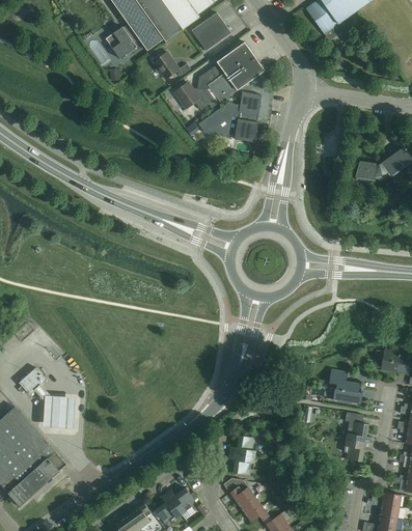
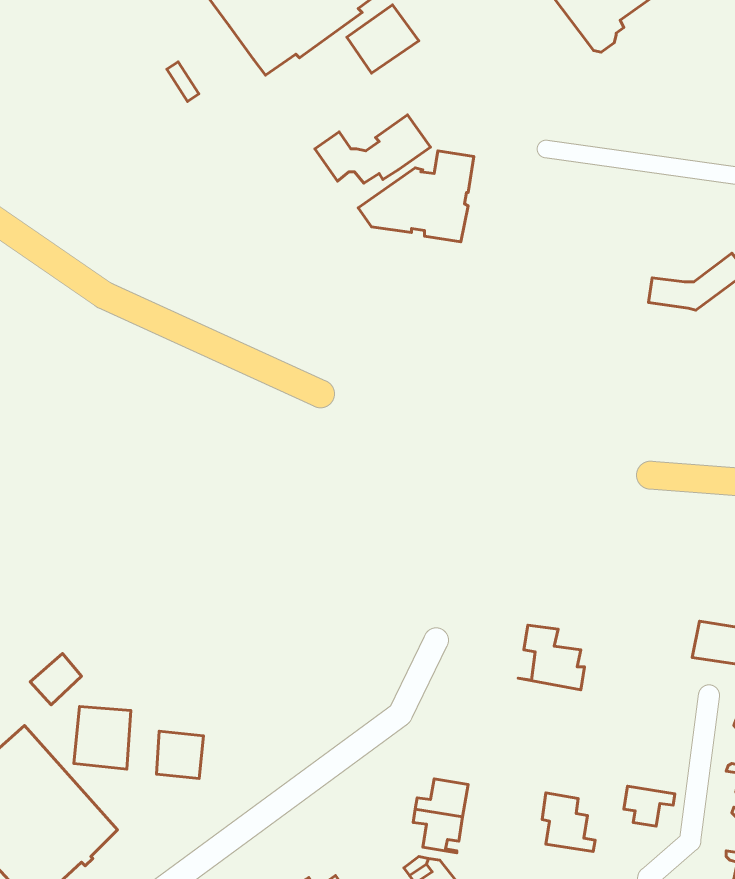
building: [106,24,141,59] -> none
building: [197,41,265,92] -> none
building: [154,52,190,79] -> none
building: [326,369,362,404] -> [518,625,585,690]
building: none -> [156,731,203,778]
building: [344,412,373,444] -> [542,793,595,852]

